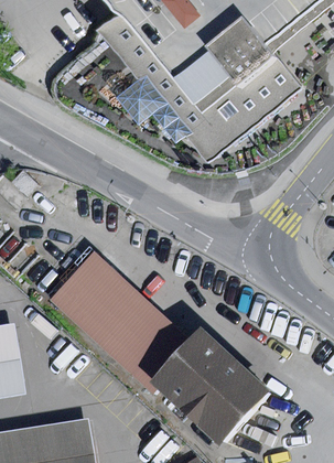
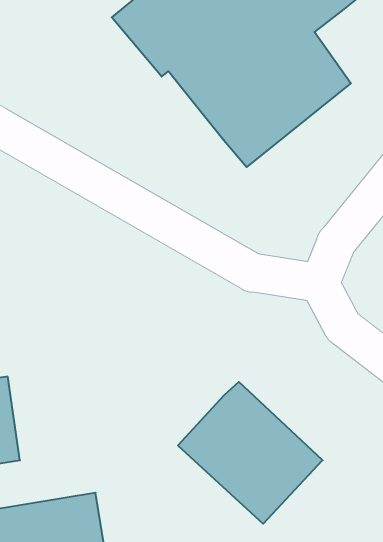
building: [116,75,188,143] -> none
building: [50,250,188,387] -> none

